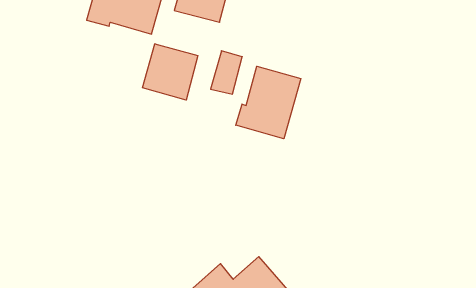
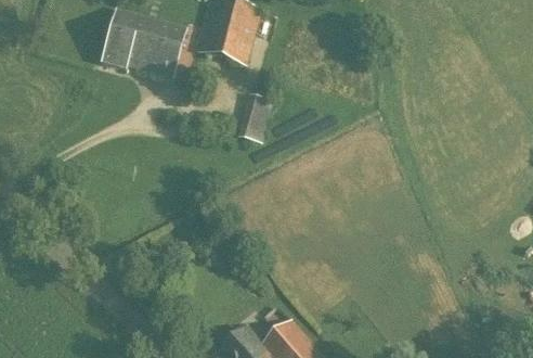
building: [142,44,198,100] -> none
building: [236,66,301,139] -> none

